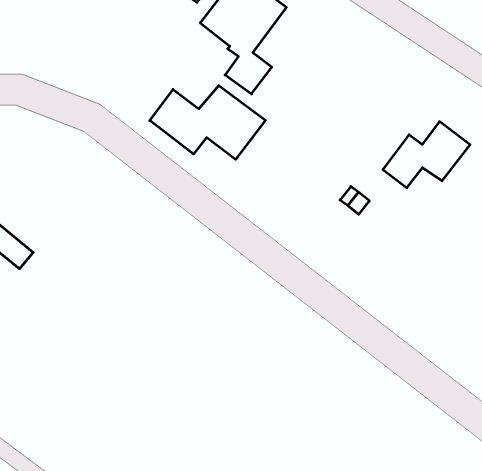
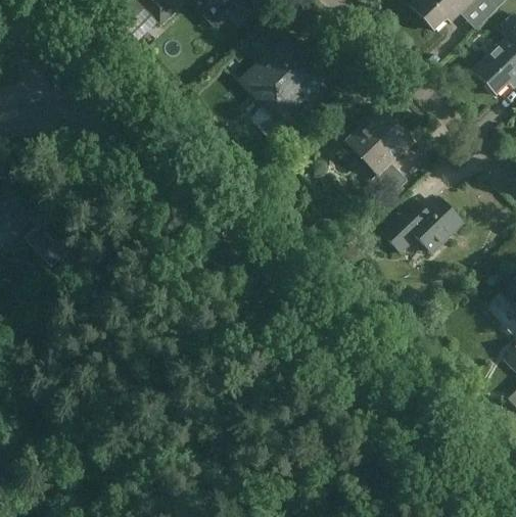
building: none -> [346,110,412,200]
building: [150,86,265,159] -> none

